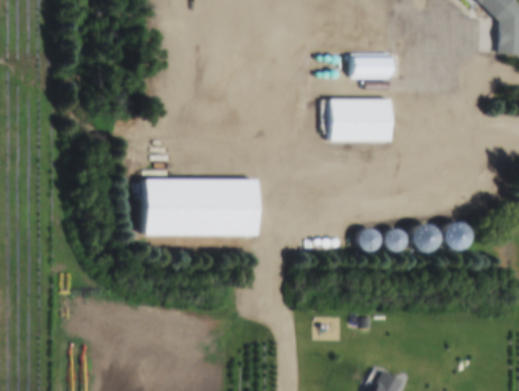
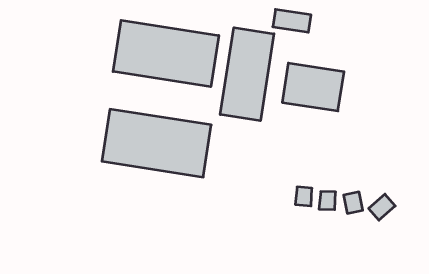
building: [353,58,392,77] -> [273,9,311,32]
building: none -> [220,28,274,121]
building: none -> [113,20,219,87]

